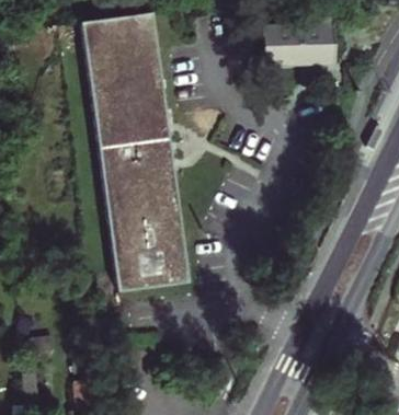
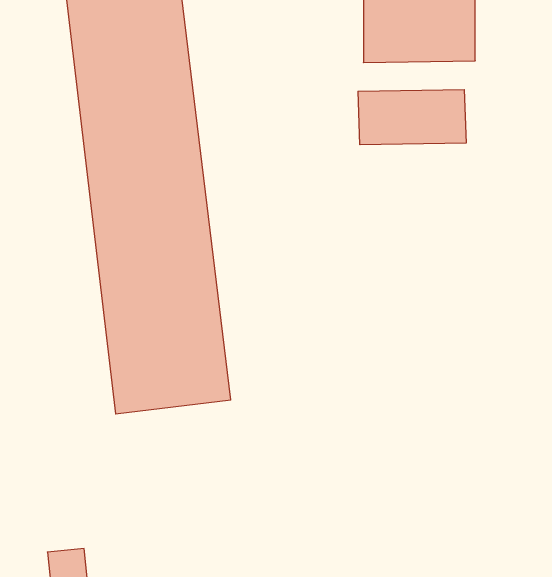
building: none -> [358,90,466,145]

